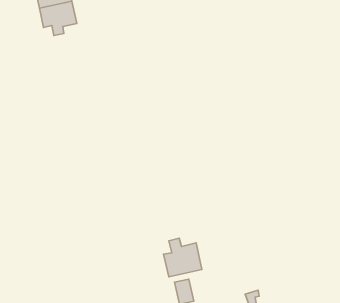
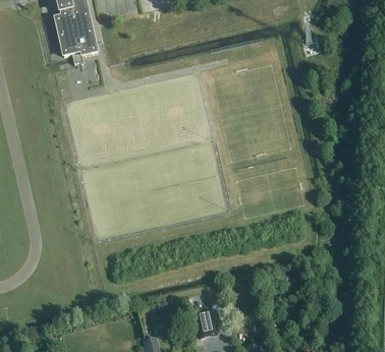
building: [163,238,202,277] -> none

